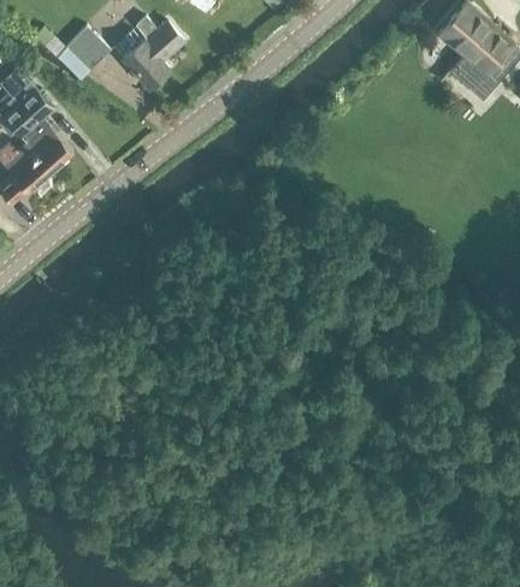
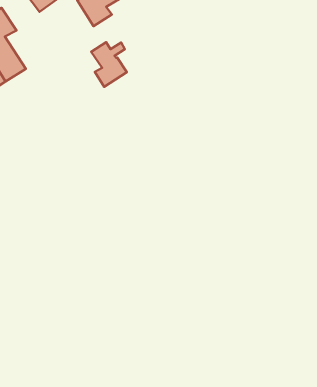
building: none -> [91,42,127,87]

